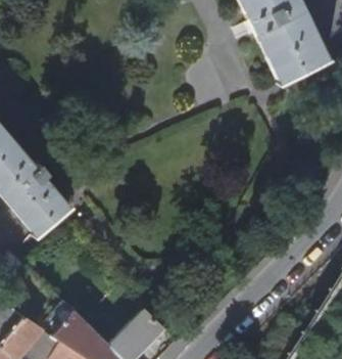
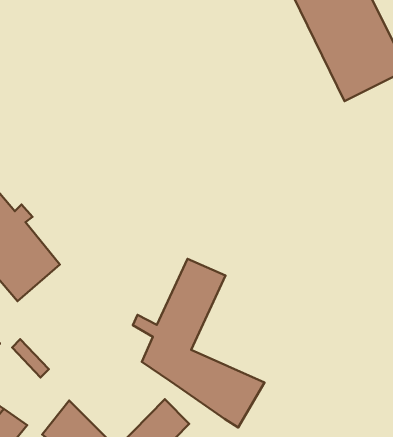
building: none -> [133,259,265,427]

